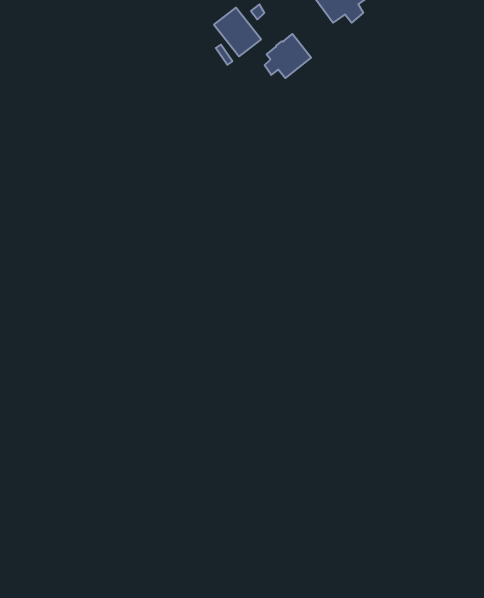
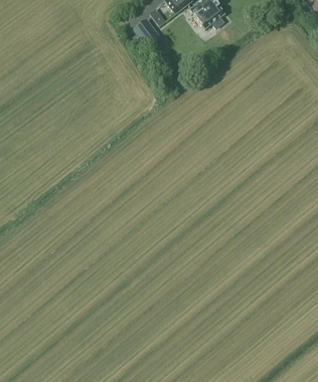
building: [265,34,311,78] -> none

